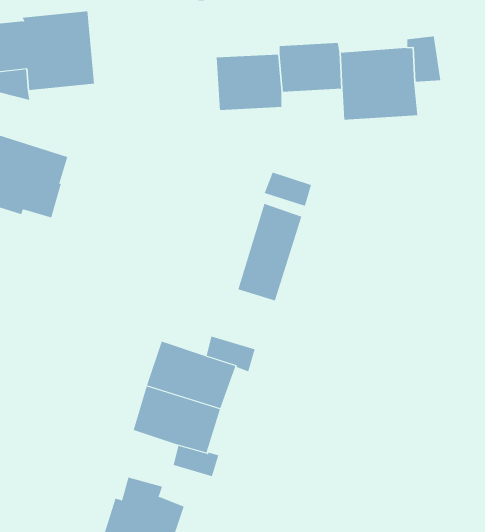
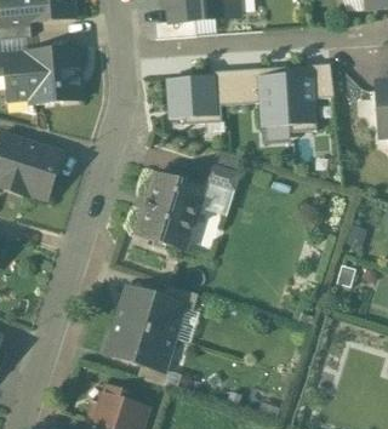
building: none -> [135,172,202,250]

